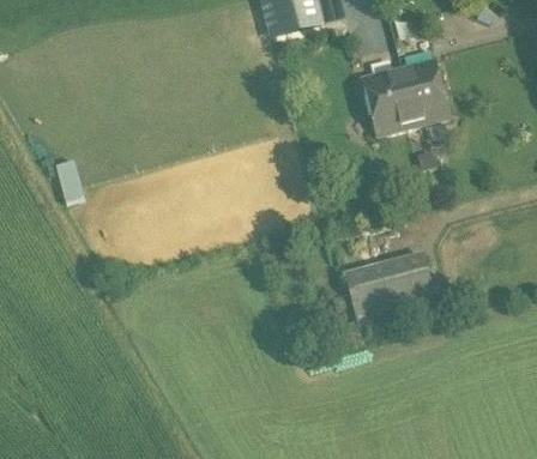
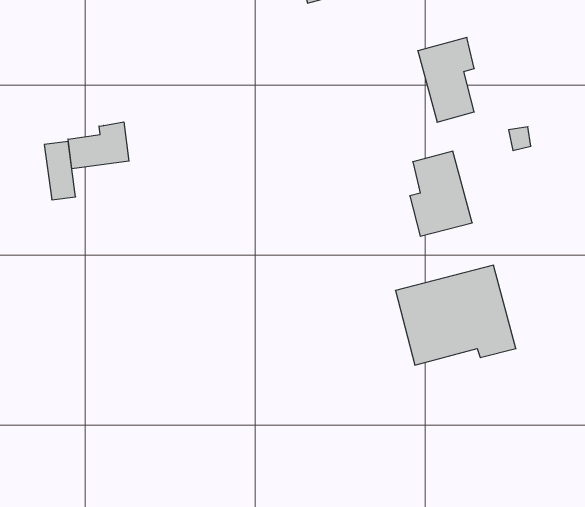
building: [398,58,448,126] -> [410,151,472,236]
building: none -> [68,122,129,169]

